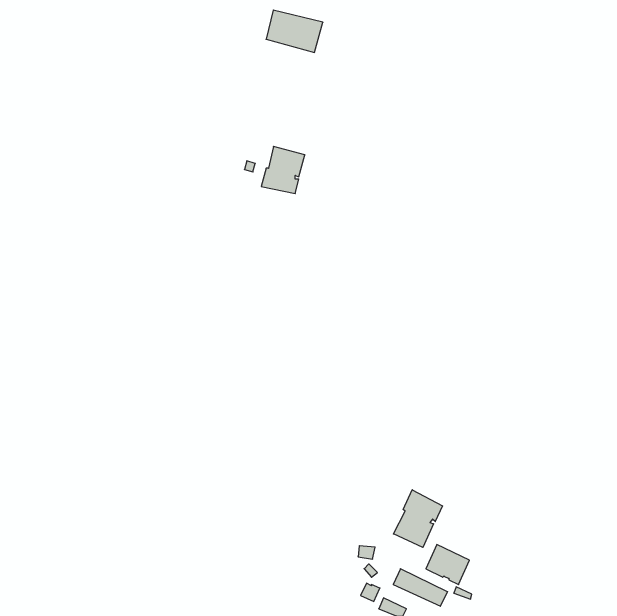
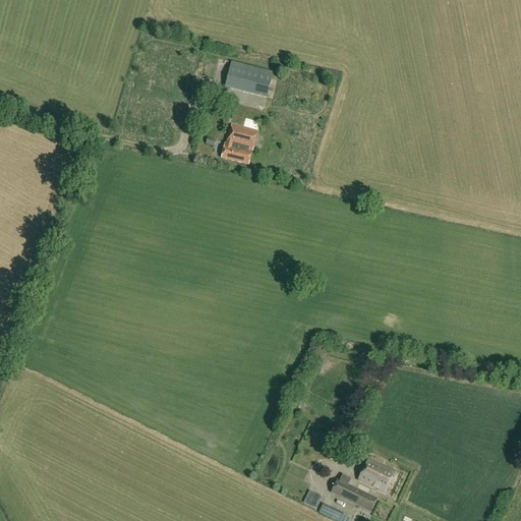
building: [266,10,323,52] -> [225,61,273,97]
building: [393,490,443,547] -> none

